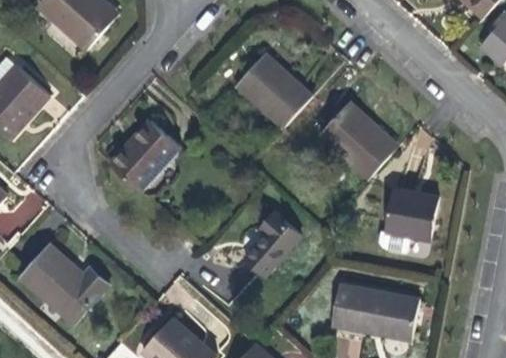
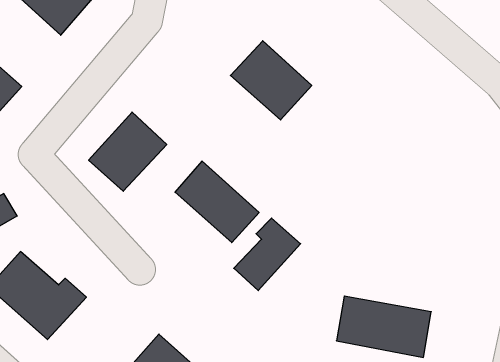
building: [320,103,397,178] -> none
building: none -> [175,161,259,243]
building: [386,189,435,239] -> none

